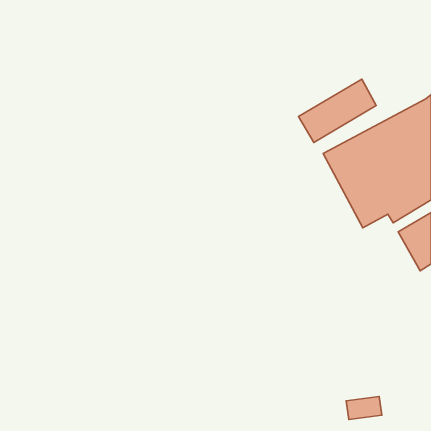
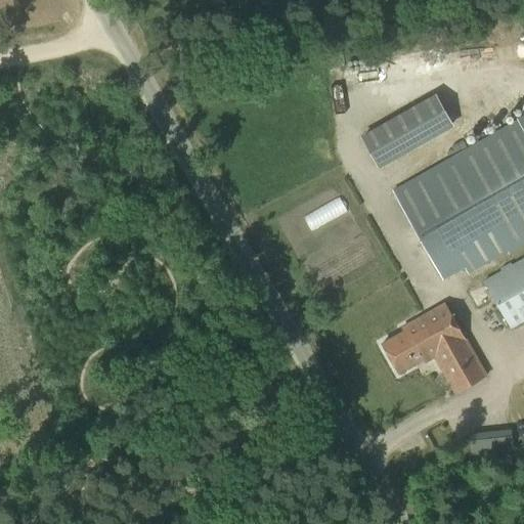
building: none -> [384,305,487,394]
building: [346,397,382,419] -> [470,430,513,457]

